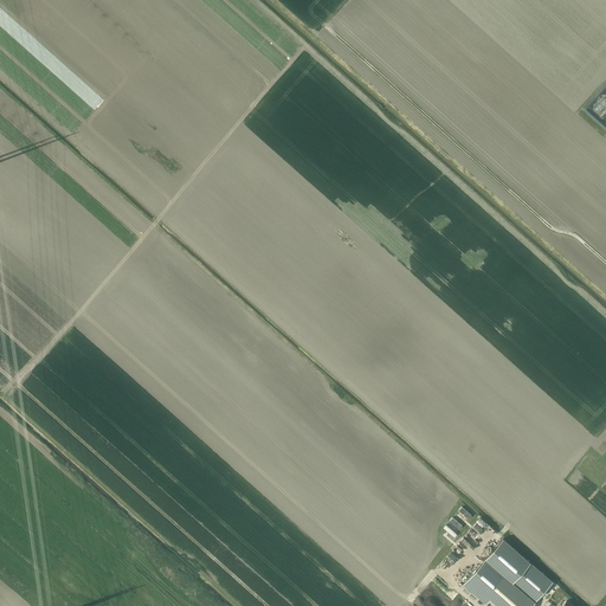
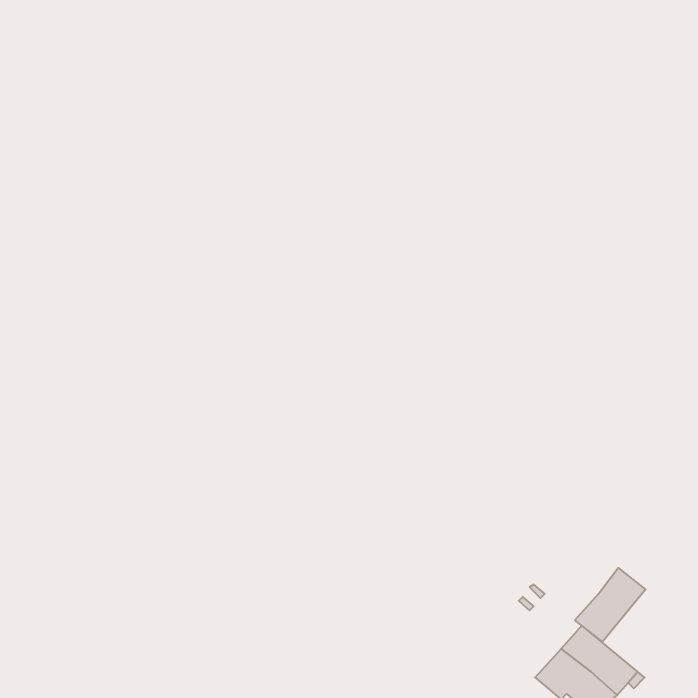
building: none -> [575,568,646,642]

